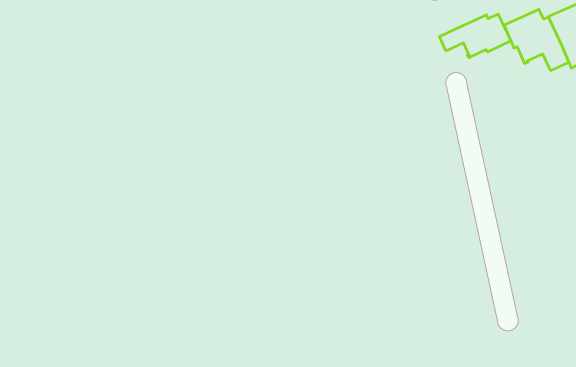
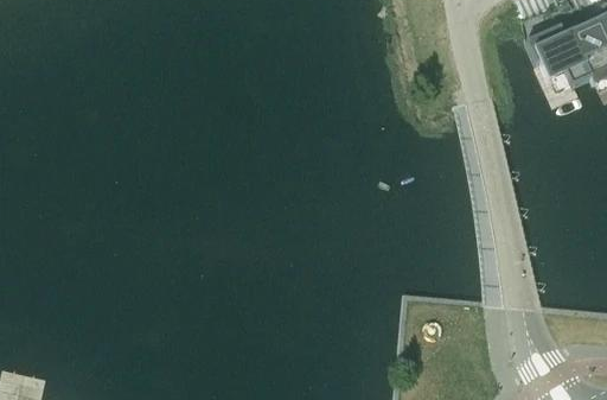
building: [439,14,511,58] -> none

